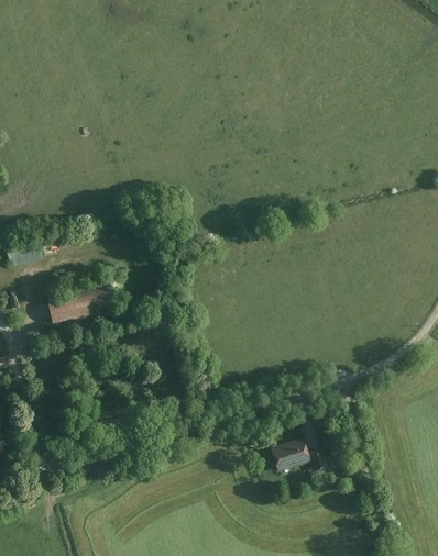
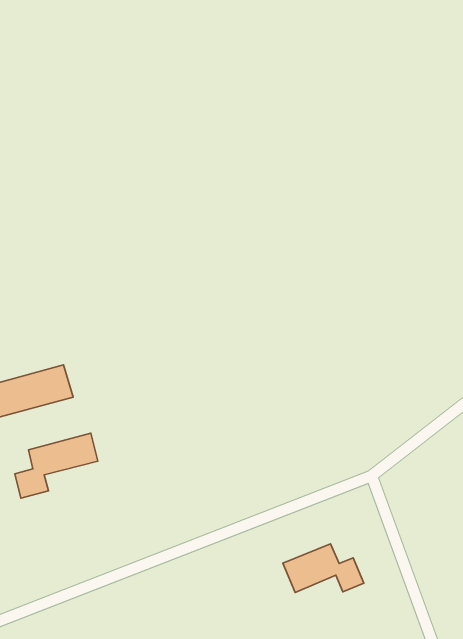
building: none -> [15,433,98,498]

